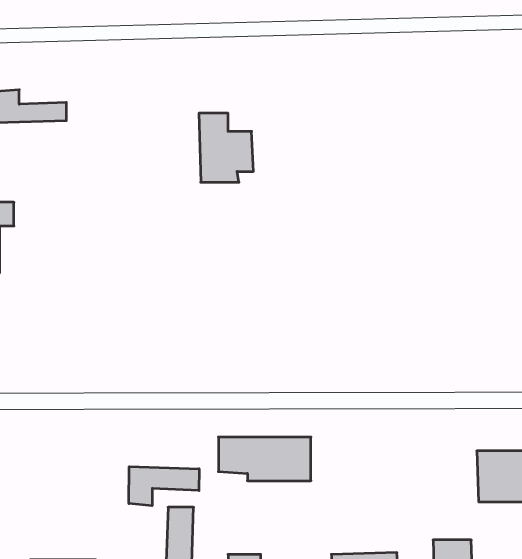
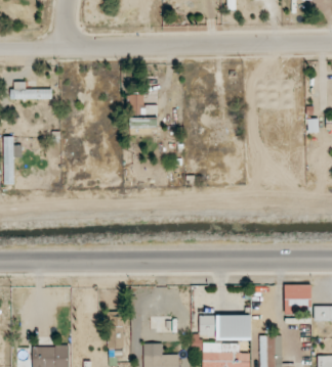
building: [218,437,311,481] -> [199,316,251,340]
building: [129,467,199,506] -> none

